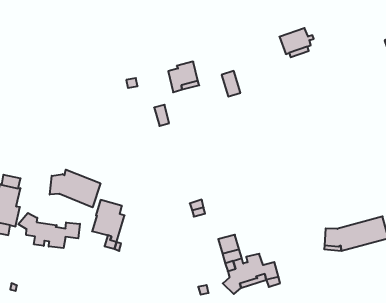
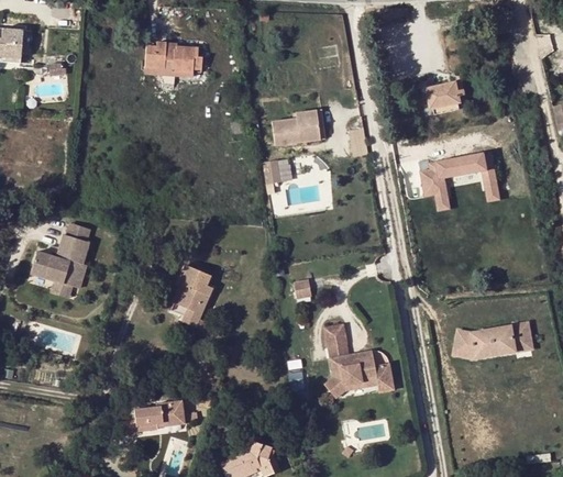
building: none -> [144,42,202,76]
building: none -> [420,149,503,209]
building: [50,170,100,207] -> none
building: [18,213,80,248] -> none

